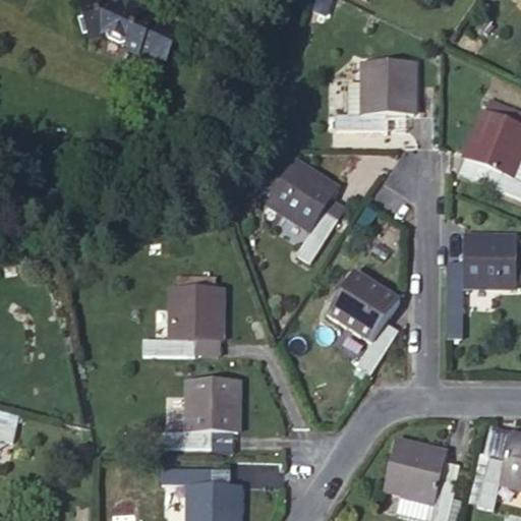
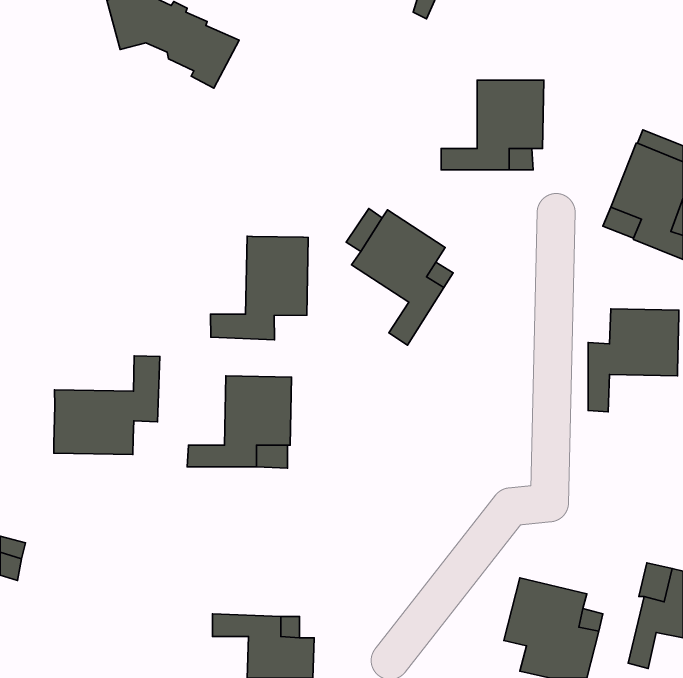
building: none -> [210,236,308,340]
building: none -> [54,356,160,455]
building: [328,272,399,373] -> none
building: [160,379,238,448] -> none

